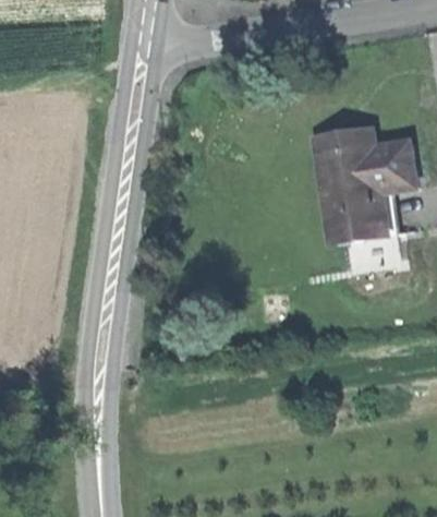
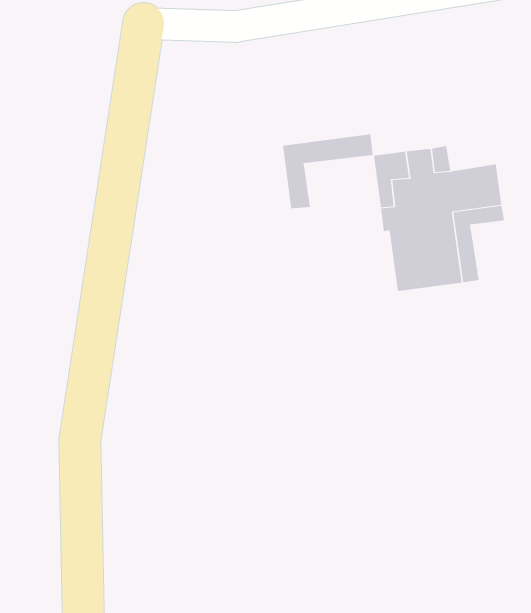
building: none -> [282,133,373,209]

